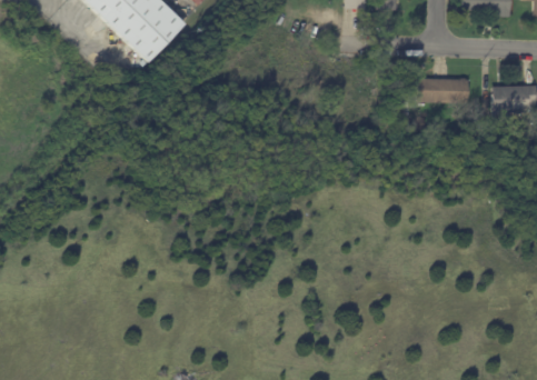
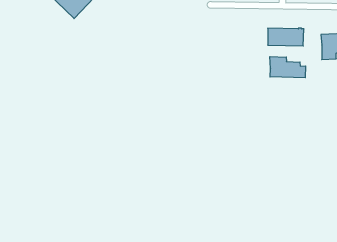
building: none -> [270,57,306,78]

